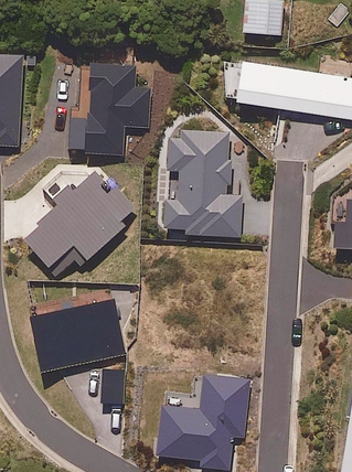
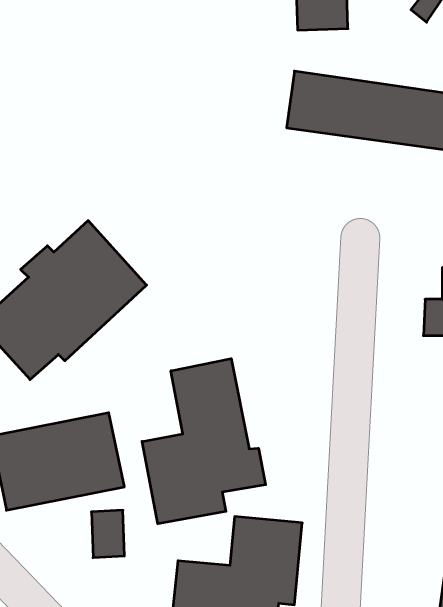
building: [88,65,149,153] -> none
building: [164,130,241,239] -> none
building: none -> [142,359,266,524]

